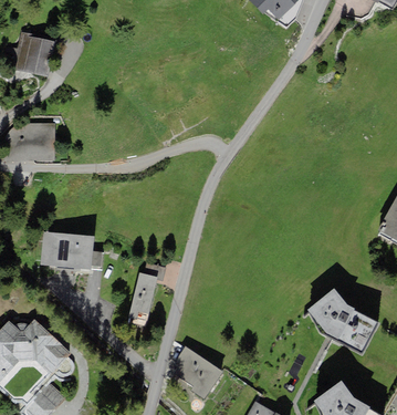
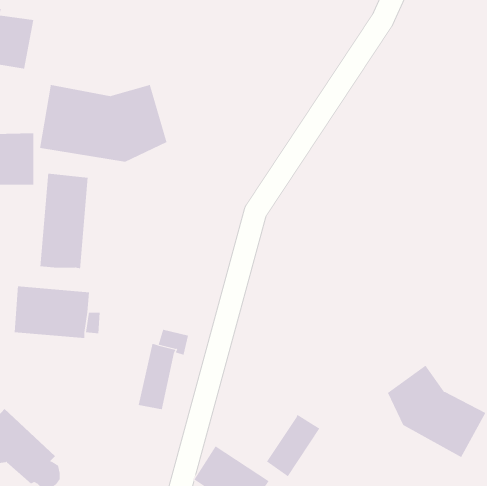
building: none -> [40,84,167,163]
building: none -> [40,173,88,269]
building: none -> [266,414,320,477]

